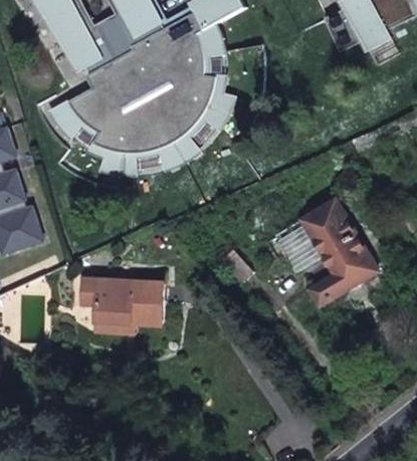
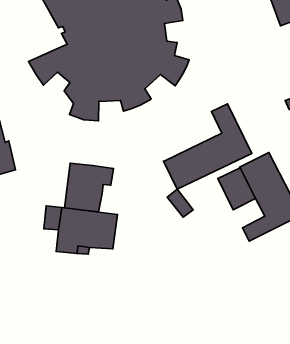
building: none -> [163,104,252,189]
building: none -> [65,163,113,212]

